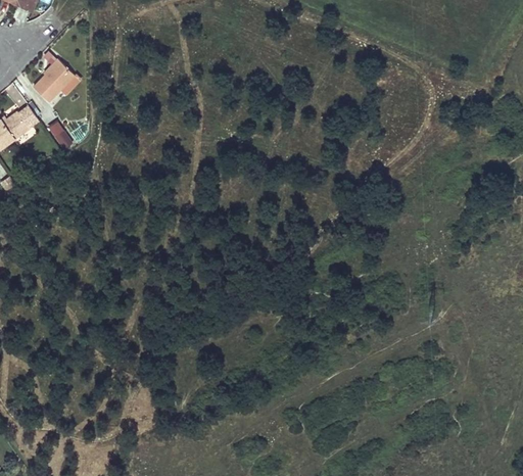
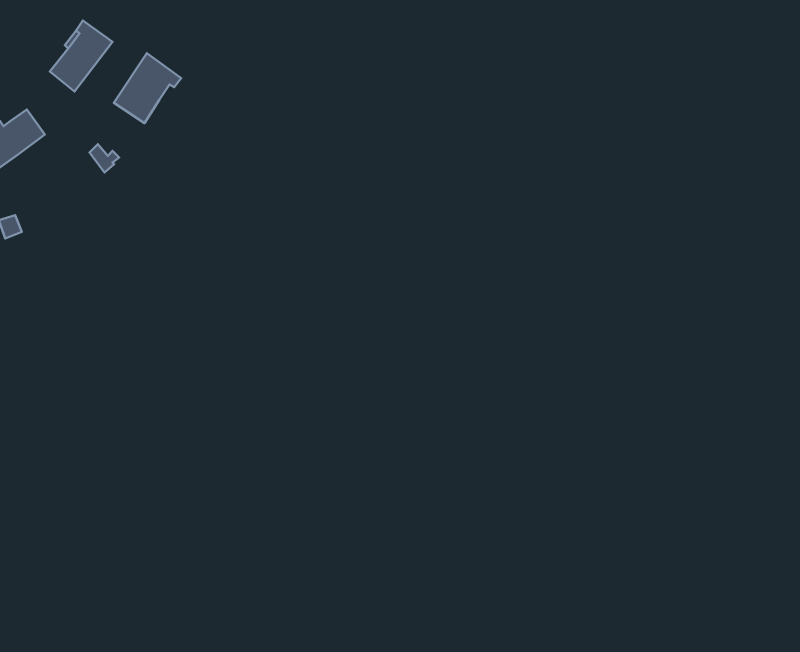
building: none -> [114,53,181,123]

